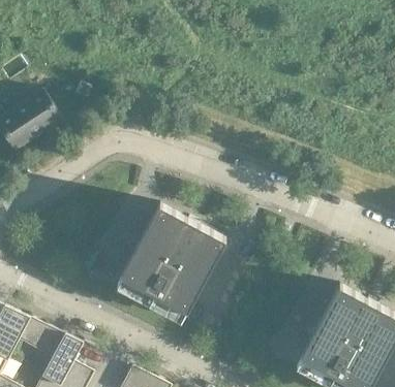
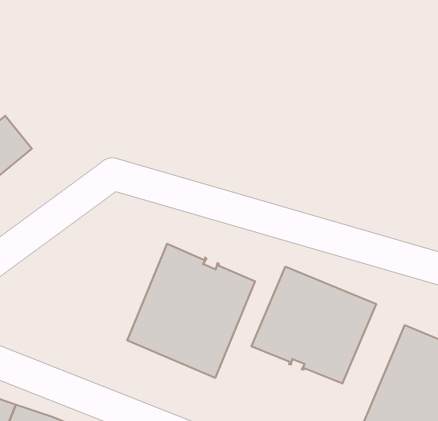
building: none -> [252,267,376,384]

